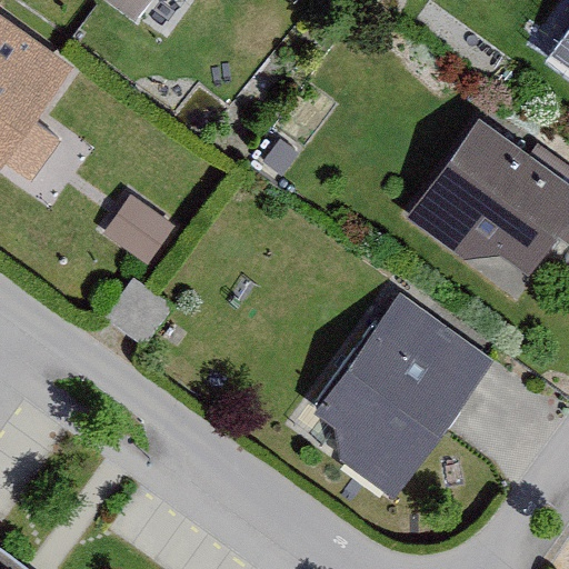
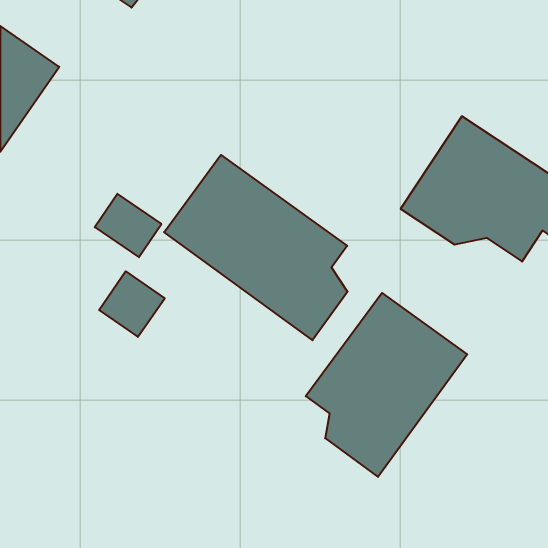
building: none -> [164,155,348,340]

